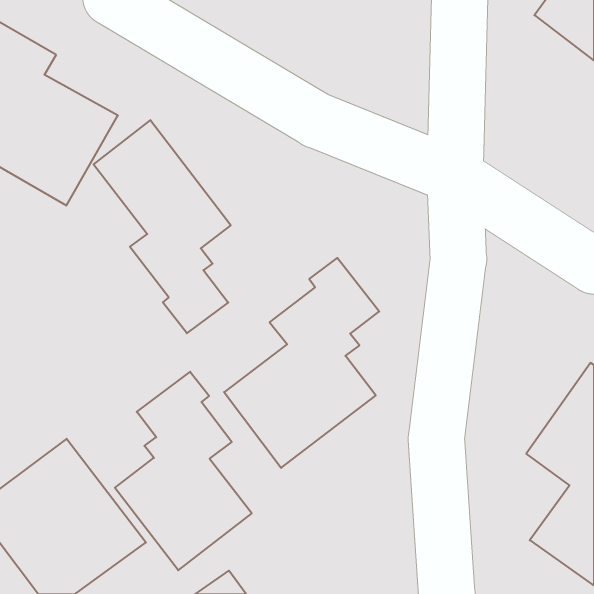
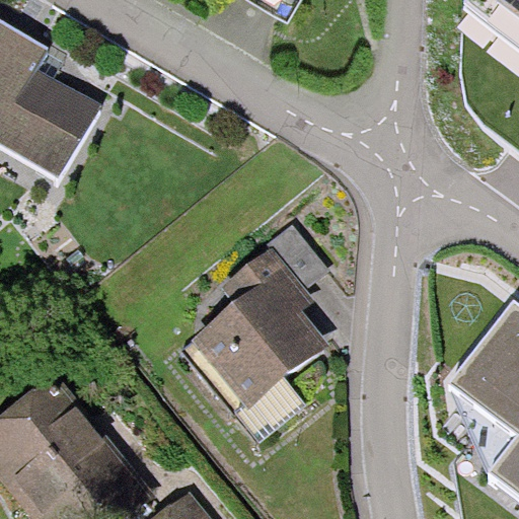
building: [94,120,231,333] -> none
building: [115,372,252,570] -> none

